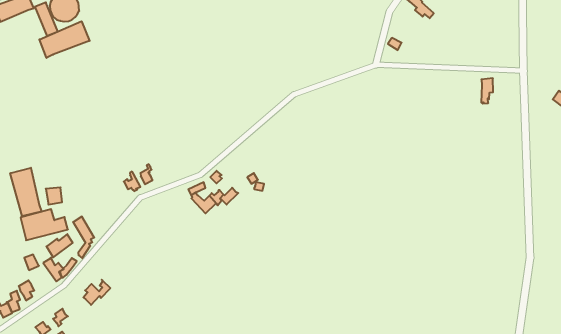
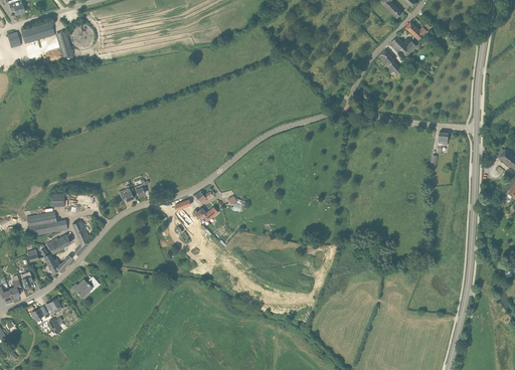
building: [39,21,90,58] -> none
building: [10,168,42,216] -> none

